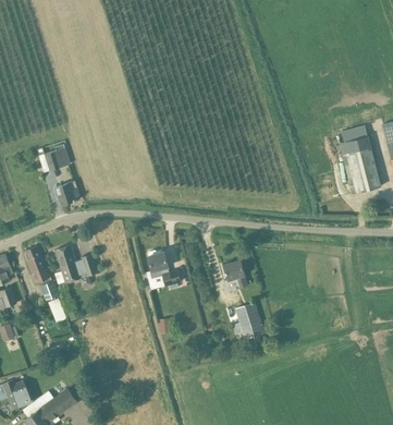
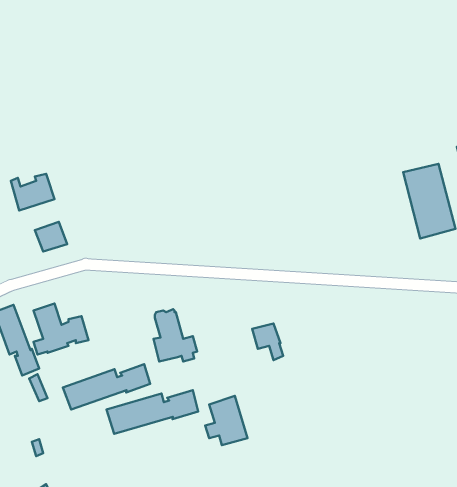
building: none -> [63,364,150,409]
building: [232,301,265,339] -> [205,396,247,445]
building: none -> [107,390,198,434]

